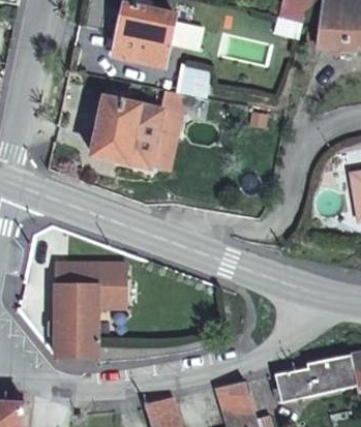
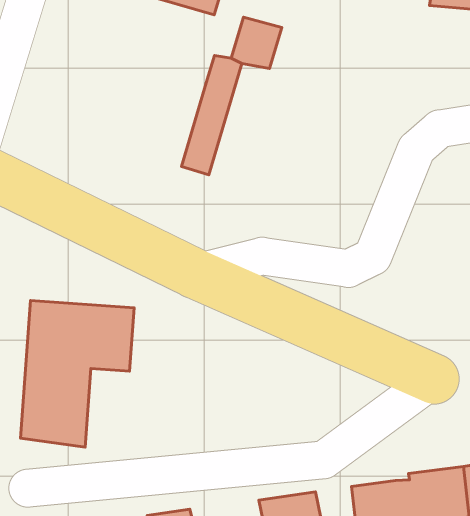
building: [91,98,161,167] -> none

